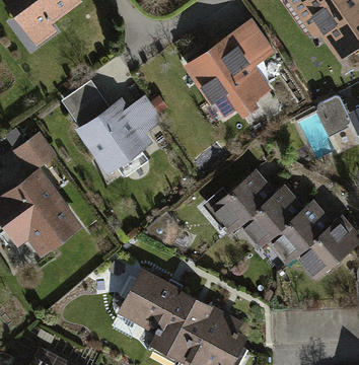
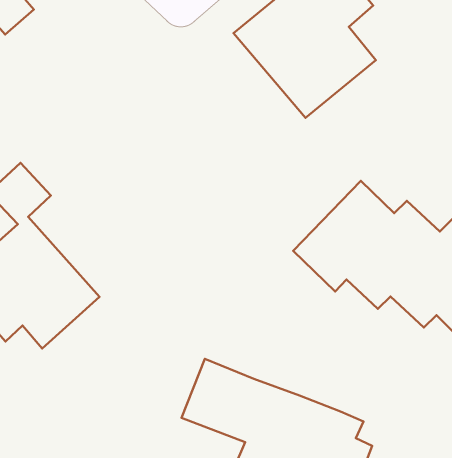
building: [68,86,162,185] -> none

